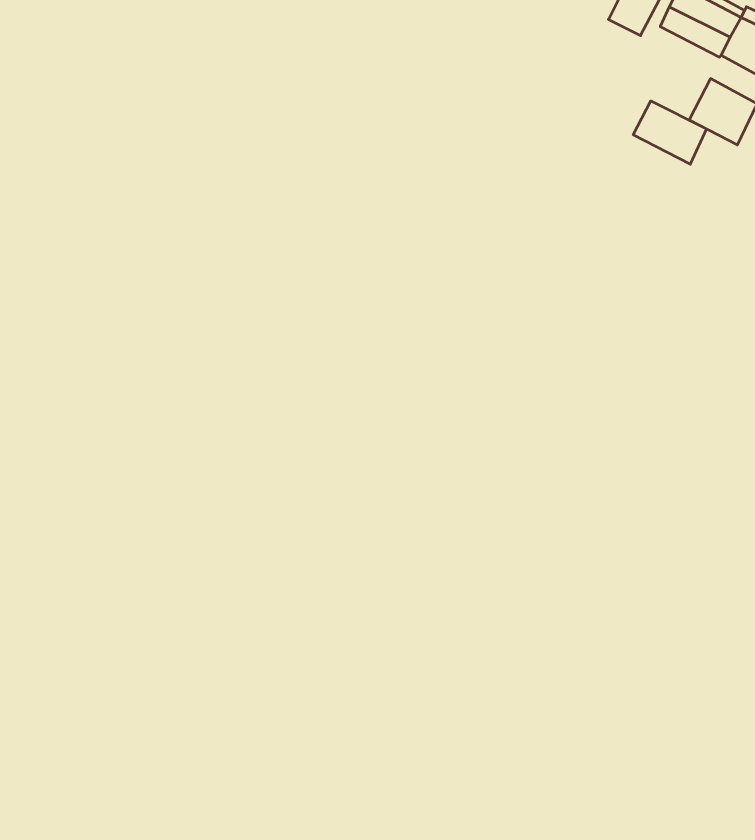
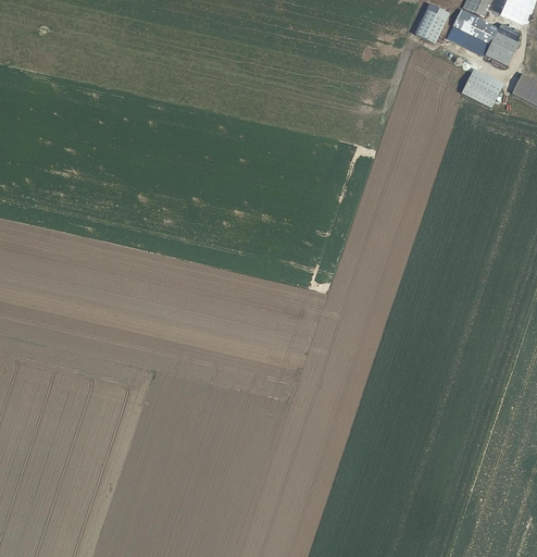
building: [633,101,707,164] -> none

